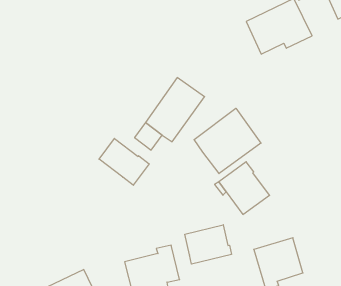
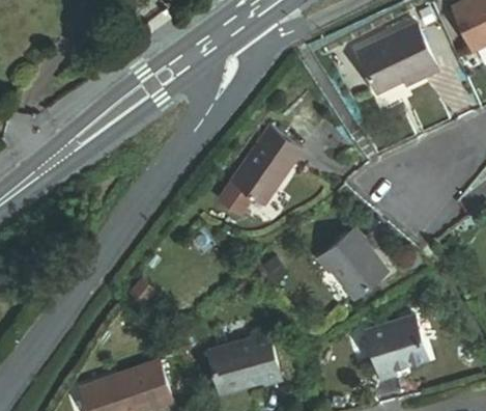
building: [194,108,261,174] -> none
building: [99,138,149,185] -> none
building: [185,225,231,264] -> none

